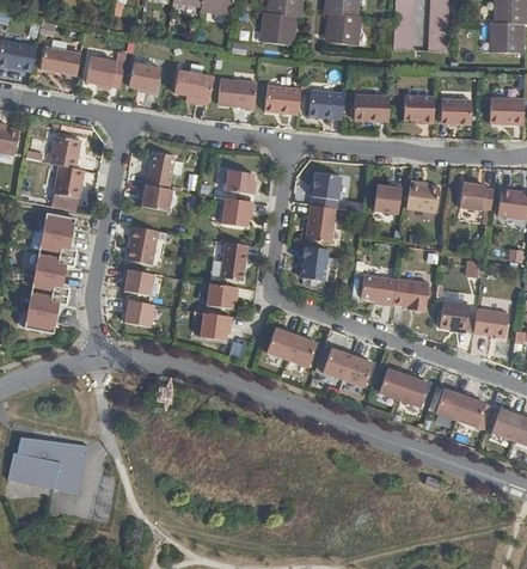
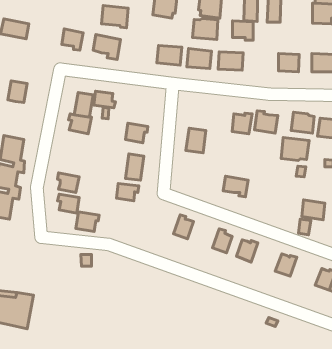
building: none -> [192,18,218,40]
building: [85,51,125,90] -> none
building: [217,78,256,110] -> [102,6,128,28]
building: [404,94,434,122] -> [233,21,253,40]
building: [54,166,84,212] -> none
building: [225,170,256,194] -> [94,91,115,108]
building: [312,170,341,208] -> none
building: none -> [281,138,309,160]
building: [124,226,165,265] -> none
building: [299,245,327,279] -> none
building: [393,277,430,310] -> none
building: [442,300,470,331] -> none
building: [198,313,232,342] -> [76,212,99,232]
building: [268,324,299,357] -> none
building: [324,345,355,378] -> none
building: [402,371,430,405] -> none
building: [458,391,488,426] -> none

